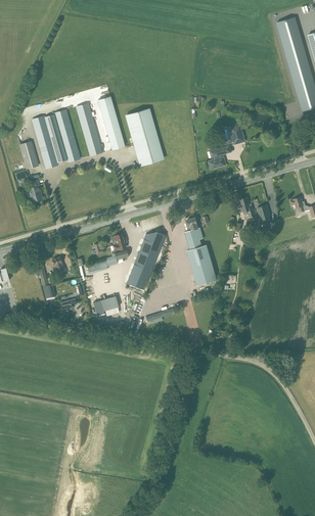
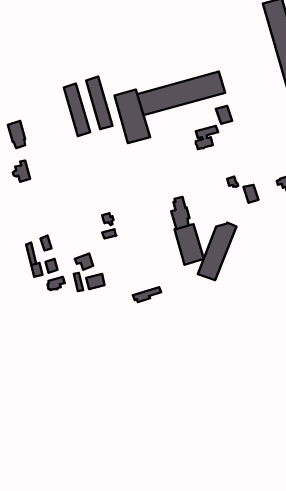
building: none -> [137,72,225,115]
building: [31,109,81,169] -> none
building: [126,232,165,290] -> [198,223,236,280]

